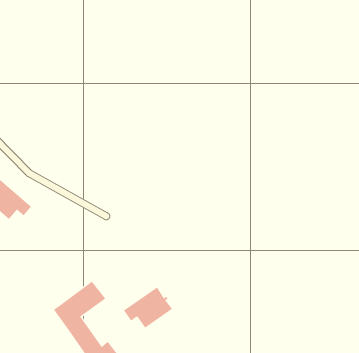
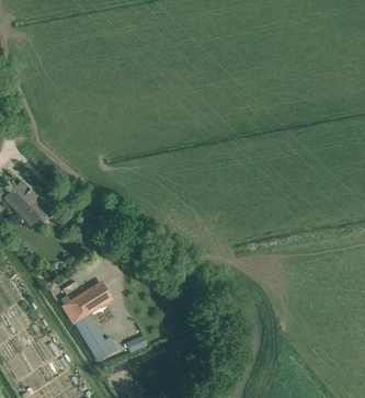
building: [123,286,173,329] -> none

